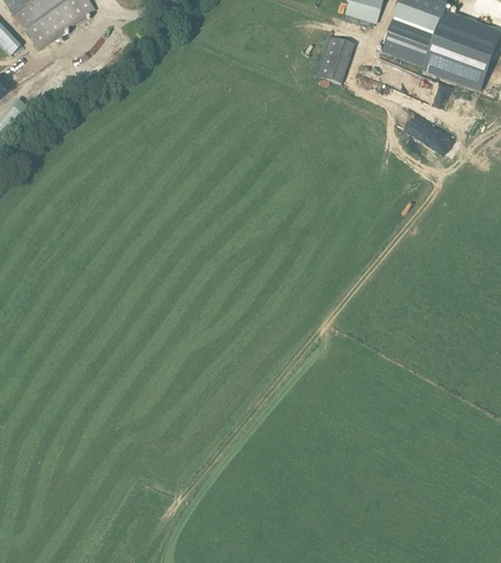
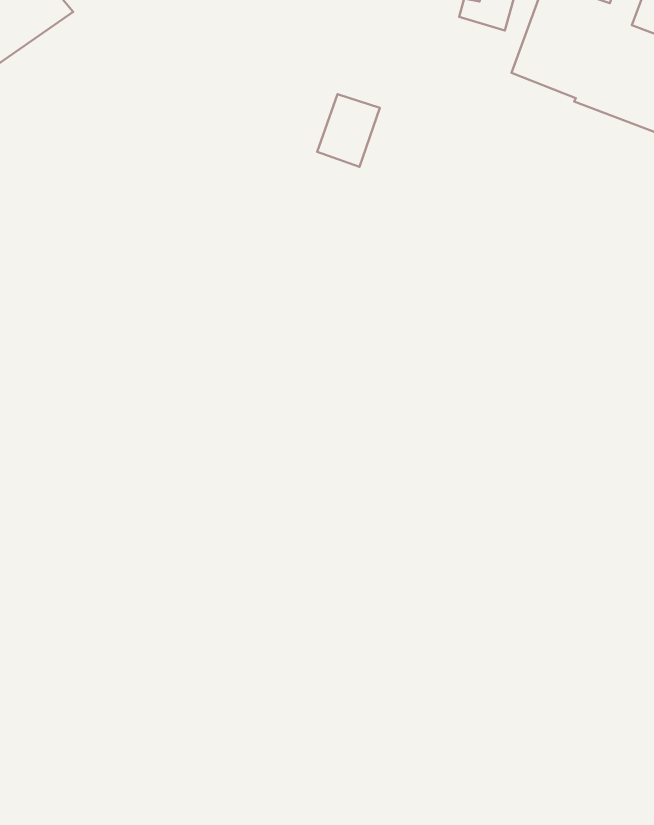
building: [314,36,355,84] -> [317,94,380,167]

